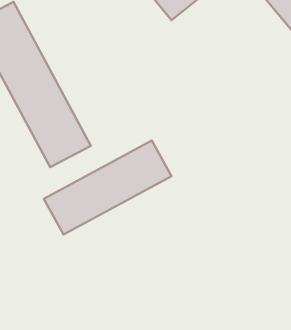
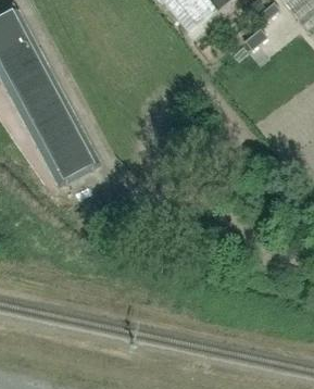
building: [44,140,171,235] -> none

